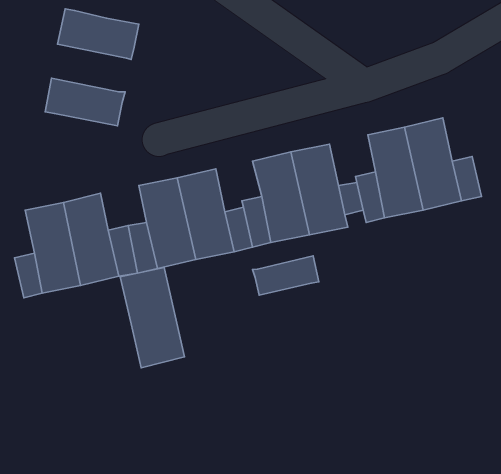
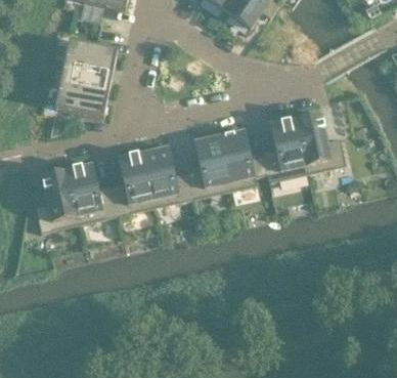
building: none -> [58,61,112,93]
building: [252,256,319,295] -> none
building: [120,267,184,368] -> none

